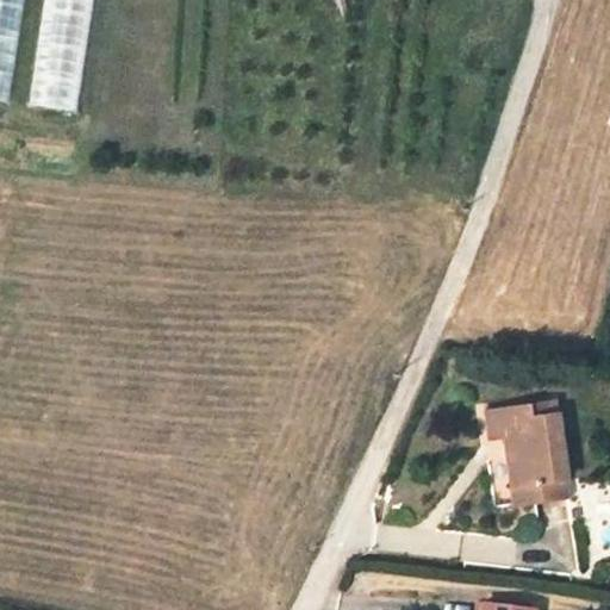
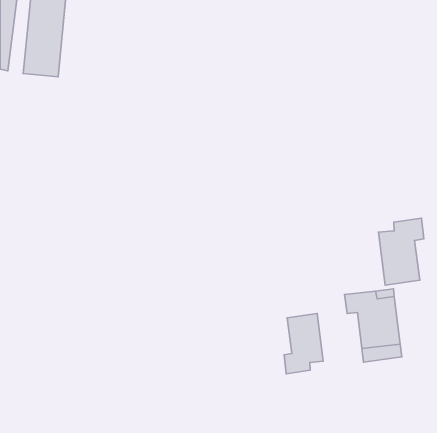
building: none -> [379,218,424,285]
building: none -> [284,314,323,374]

